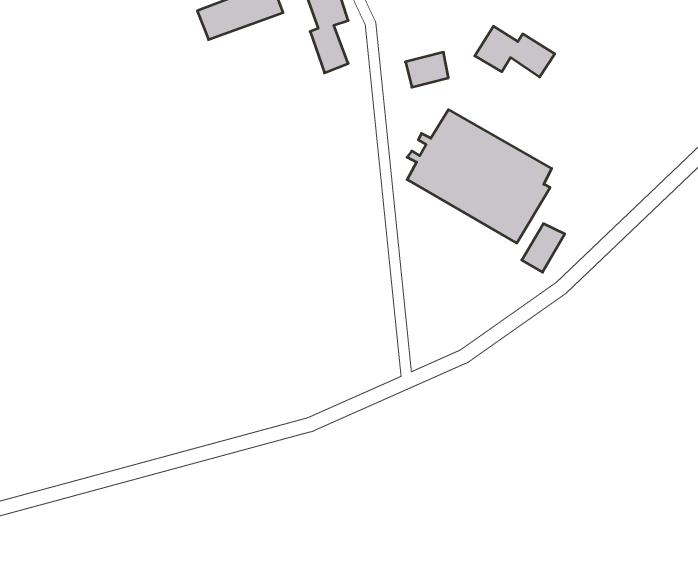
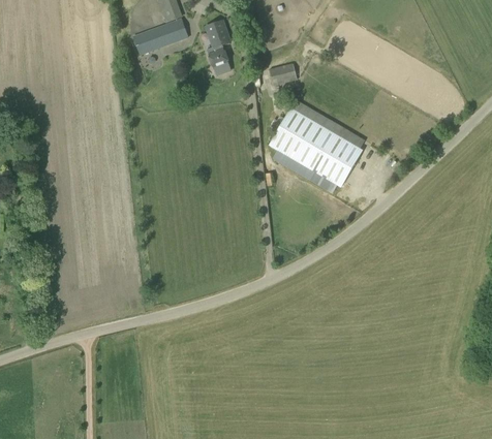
building: [475,26,555,77] -> none
building: [522,224,565,272] -> none

